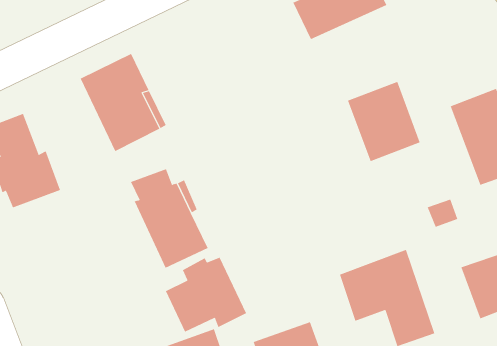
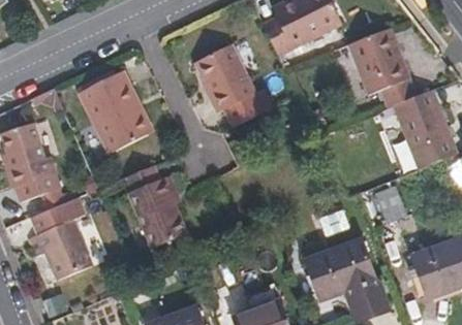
building: none -> [196,41,256,110]
building: [347,81,421,162] -> [351,31,414,100]
building: none -> [23,197,85,279]
building: [165,257,247,332] -> none

